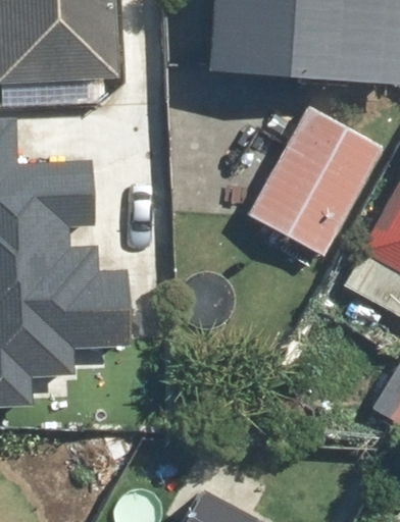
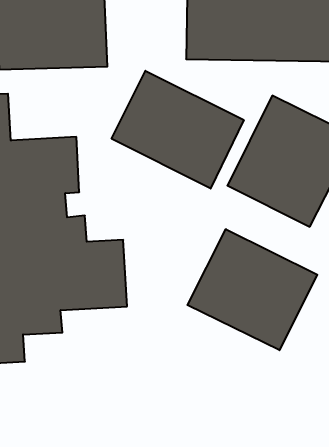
building: none -> [112,71,244,189]
building: none -> [187,229,317,350]

